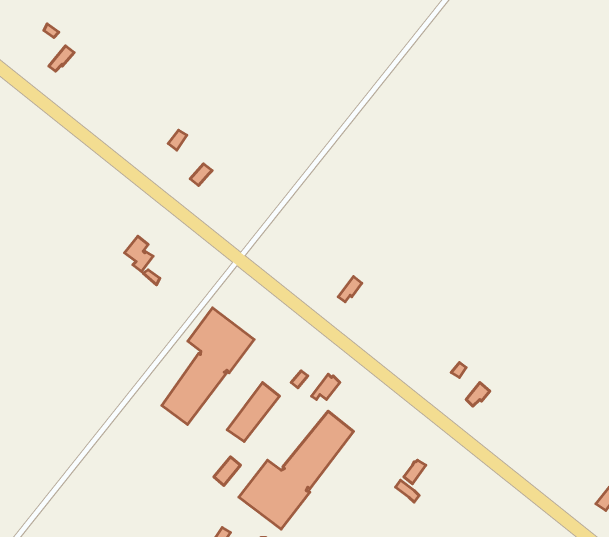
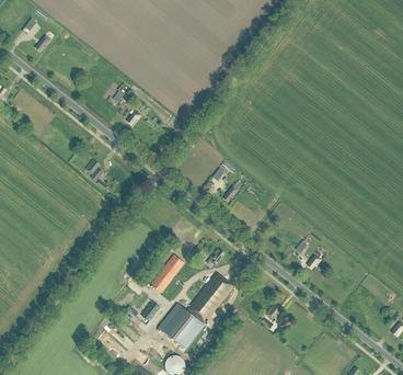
building: [162,308,254,424] -> none

